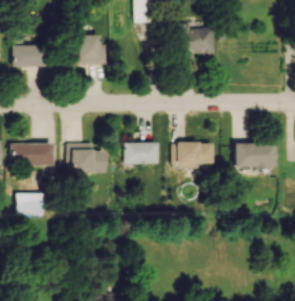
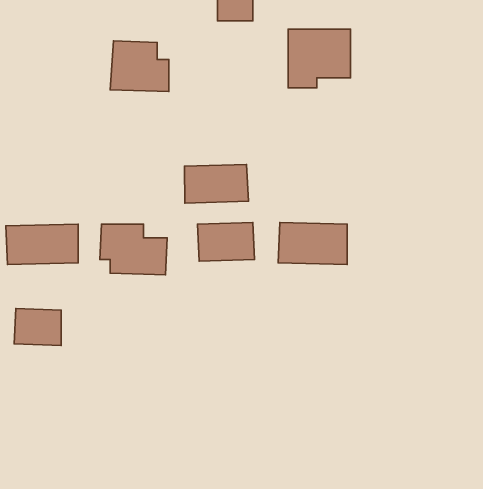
building: [13,45,47,67] -> none
building: none -> [184,164,248,203]
building: [234,143,274,168] -> none

